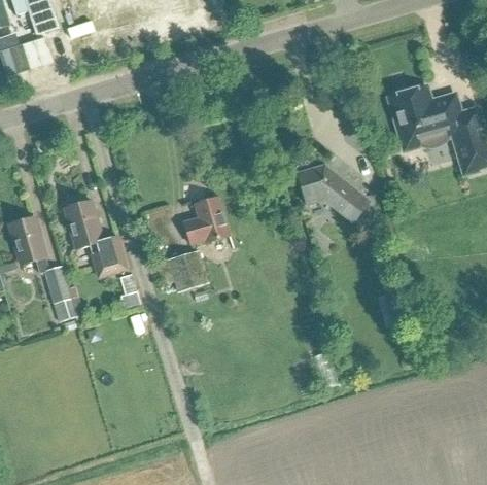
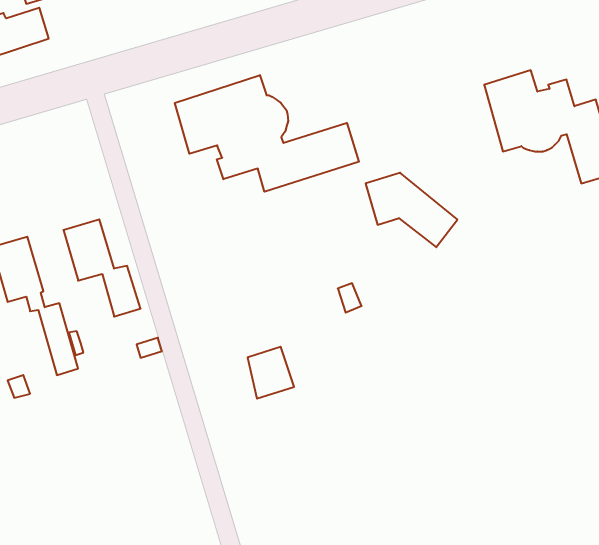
building: none -> [175,75,359,192]
building: [182,196,229,243] -> none
building: [170,250,206,290] -> [248,347,294,399]

